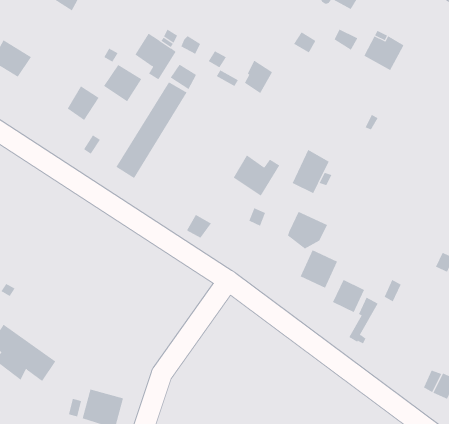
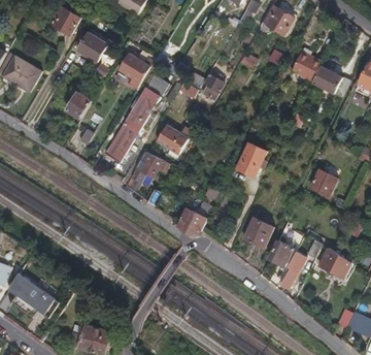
building: none -> [313,66,350,97]
building: [103,64,142,102] -> [77,34,107,63]
building: [233,155,280,197] -> [157,122,193,154]
building: none -> [132,151,165,181]
building: none -> [311,169,338,196]
building: [287,211,328,249] -> [177,207,208,236]
building: none -> [318,249,352,279]

